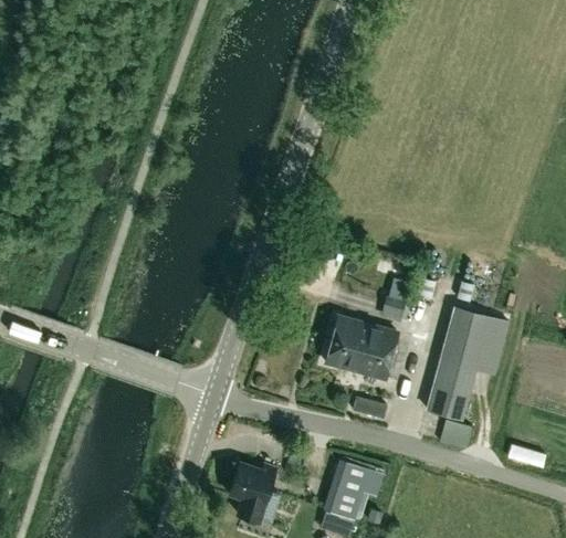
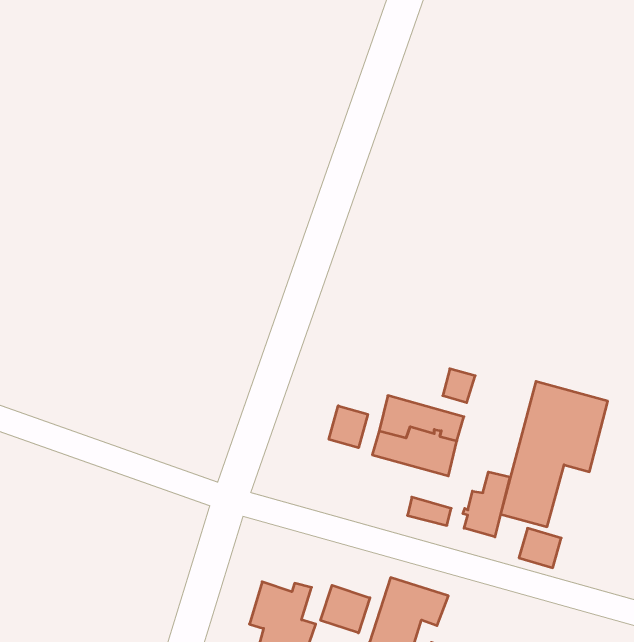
building: none -> [329,406,368,448]
building: none -> [463,472,510,537]
building: none -> [321,585,370,633]

